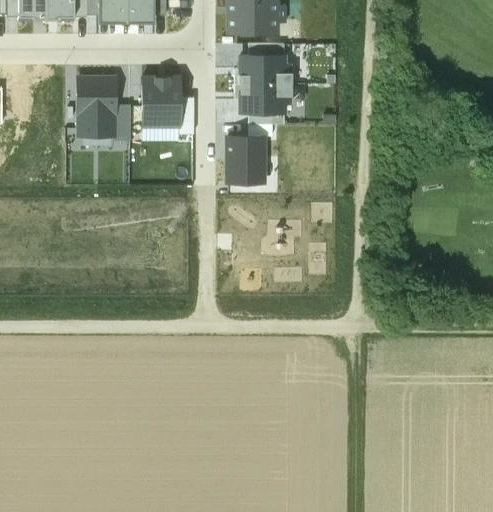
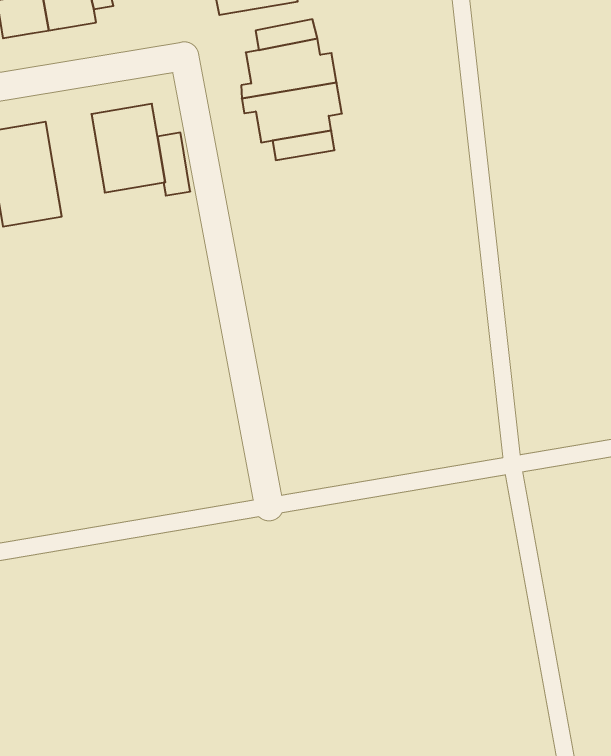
building: [113,105,130,140] -> none
building: [227,136,262,182] -> none

